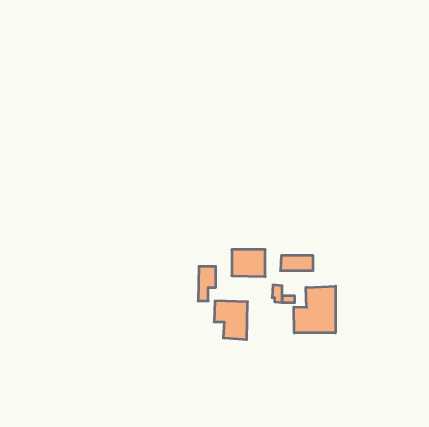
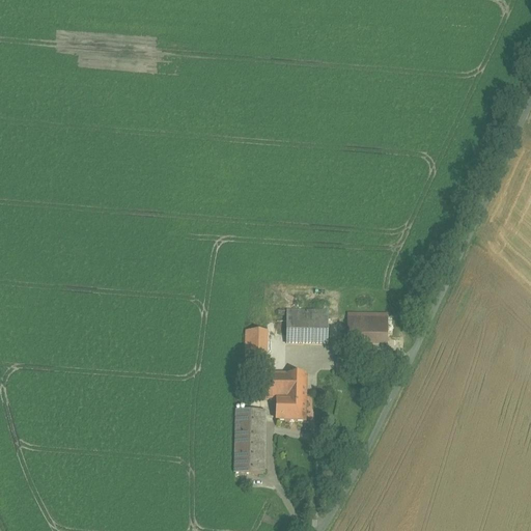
building: [294,286,336,333] -> none
building: none -> [234,409,264,472]

